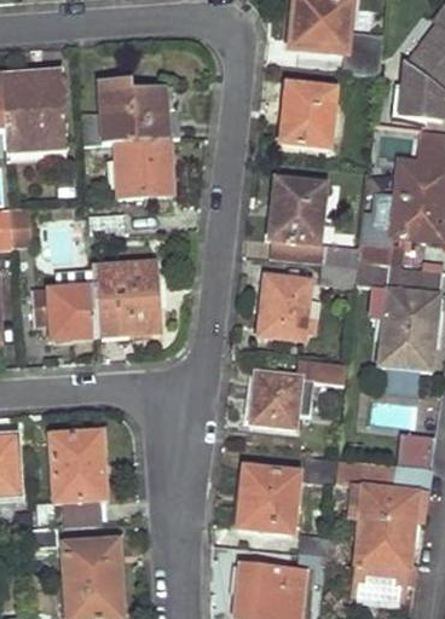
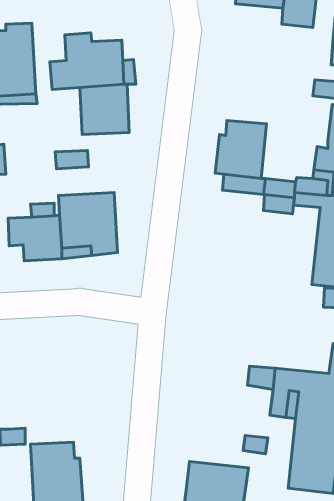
building: [279,81,337,149] -> none
building: [259,276,310,337] -> none
building: [249,361,345,427] -> none
building: [51,432,104,525] -> none
building: [236,464,299,533] -> none

